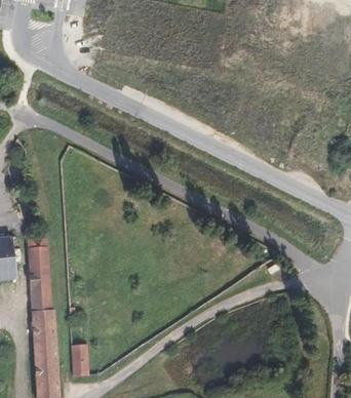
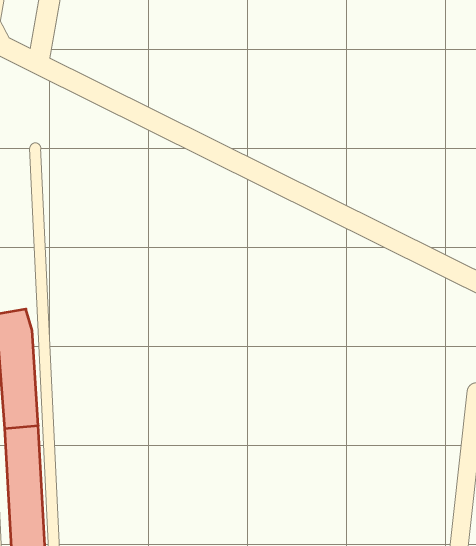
building: [70,344,86,376] -> none

